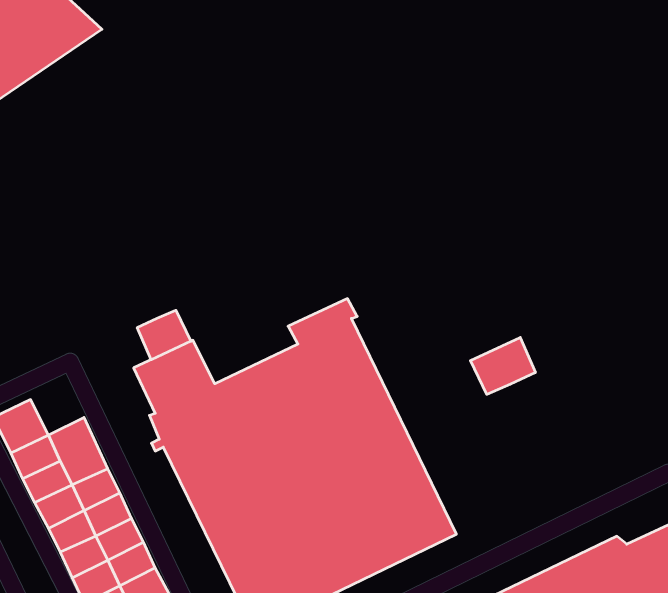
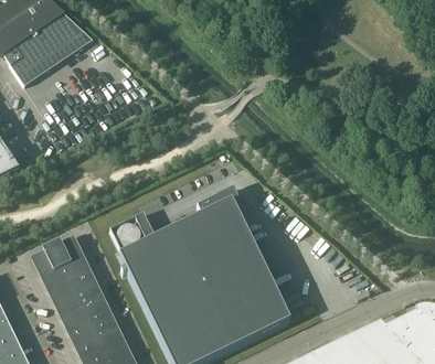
building: [137,310,191,360] -> none
building: [470,337,535,394] -> none
building: none -> [52,234,82,264]

